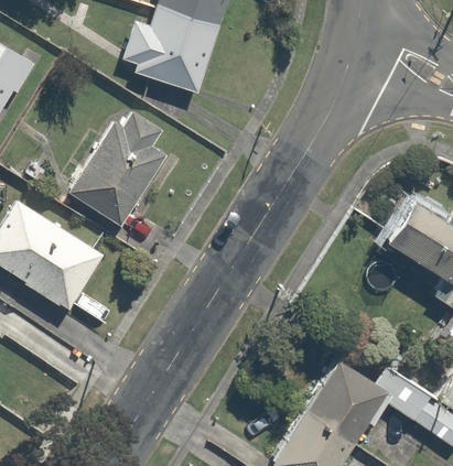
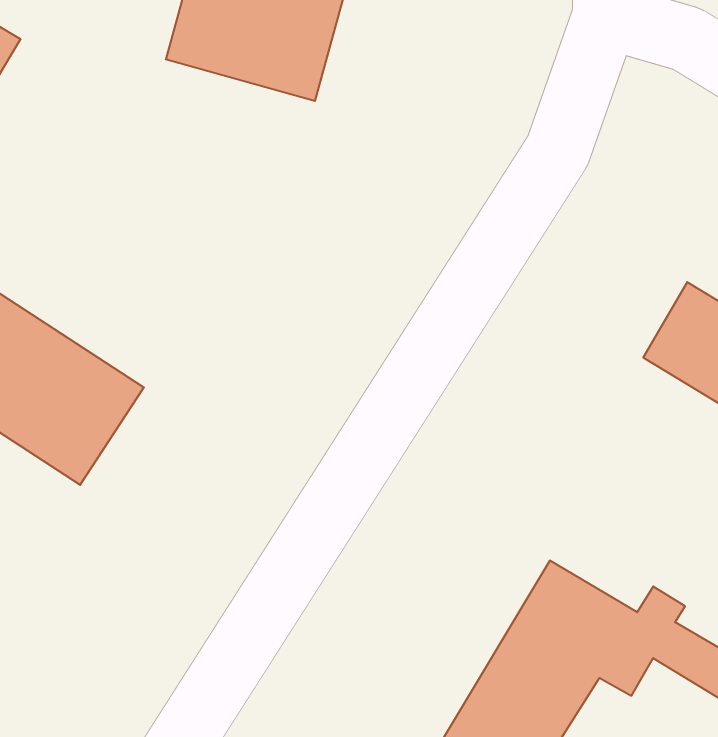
building: [67,109,168,228] -> none

